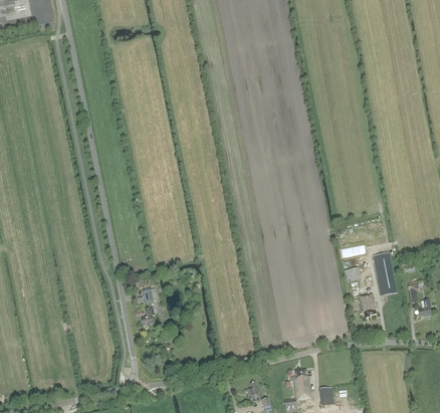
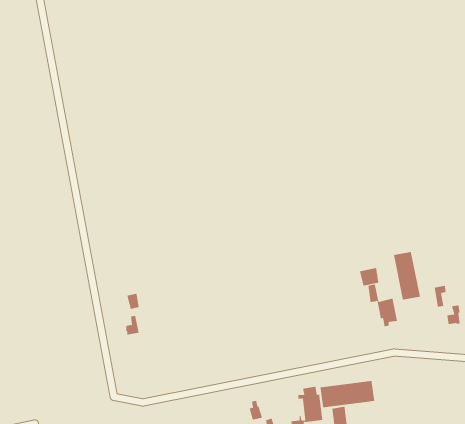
building: none -> [320,380,375,408]

